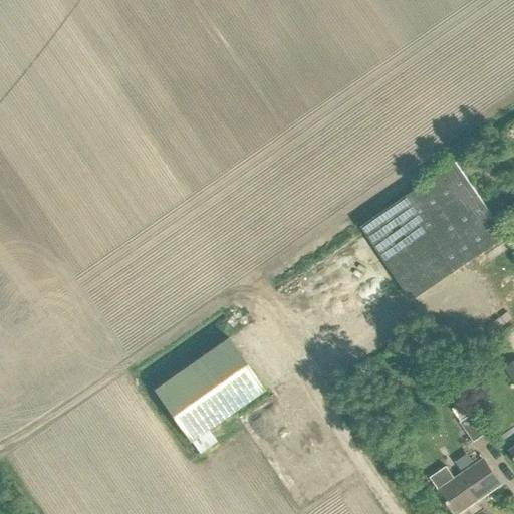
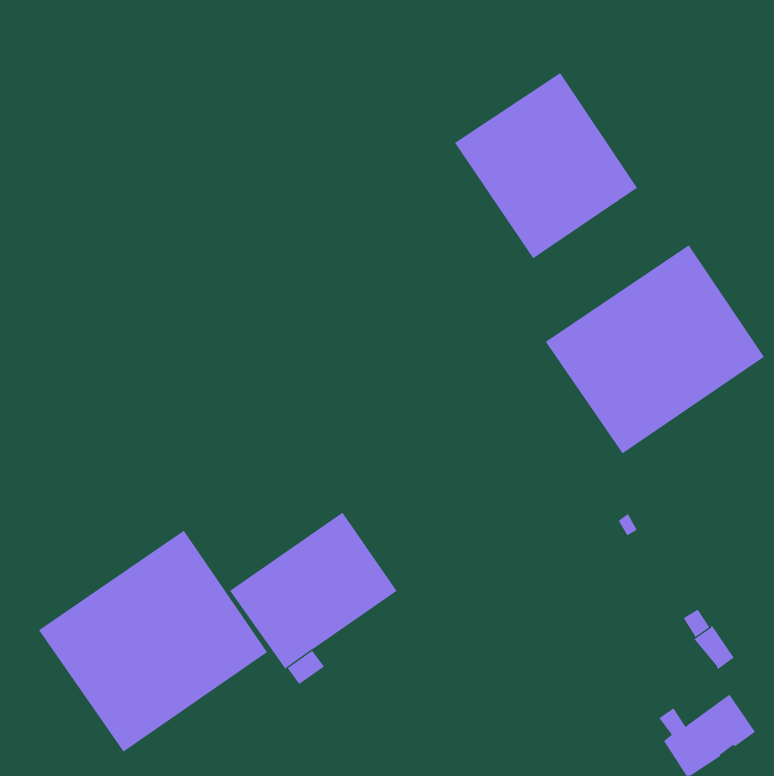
building: none -> [454,72,638,259]
building: none -> [38,530,268,753]

